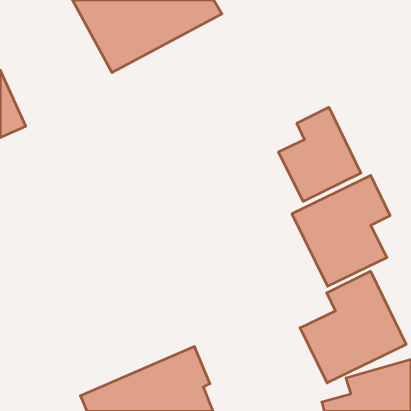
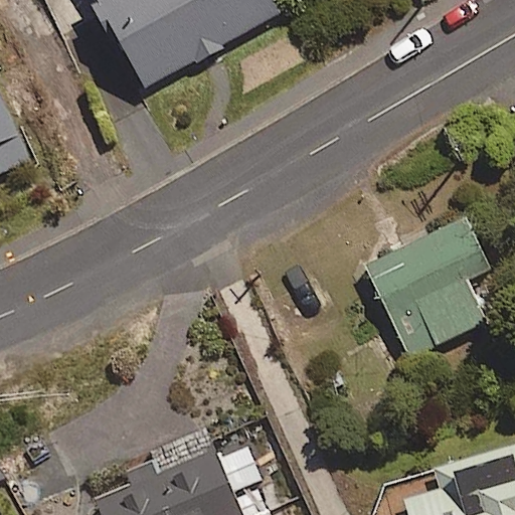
building: [279,107,361,201] -> none
building: [300,271,406,383] -> none

